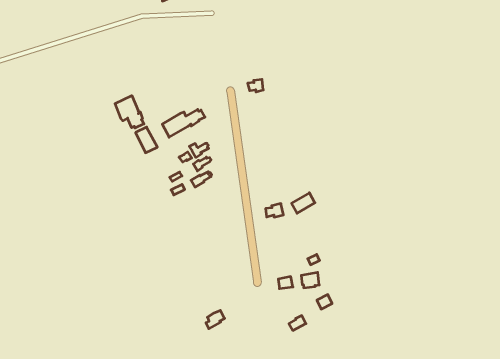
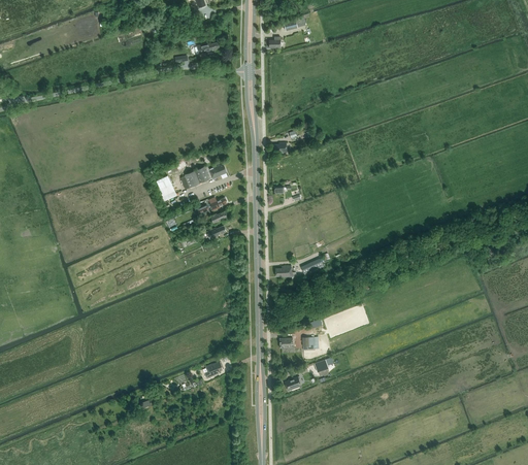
building: [115,96,144,128] -> none

